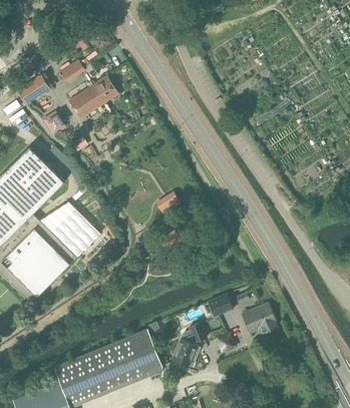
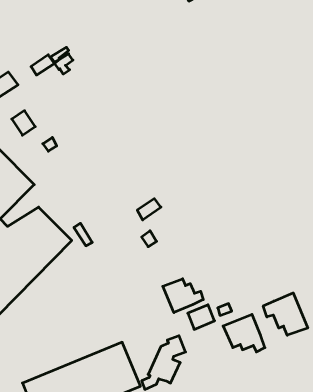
building: [68,76,117,118] -> none
building: none -> [163,279,203,313]
building: none -> [263,293,308,335]

